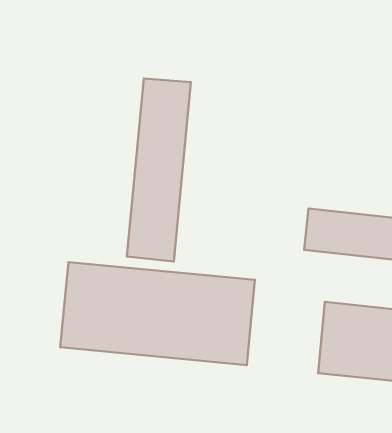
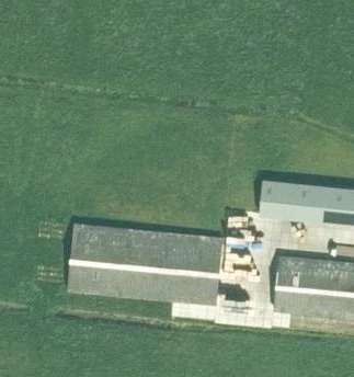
building: [127,78,191,261] -> none

